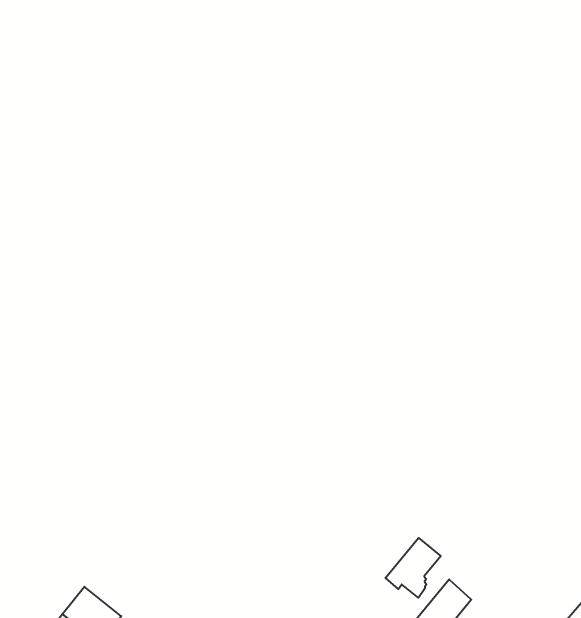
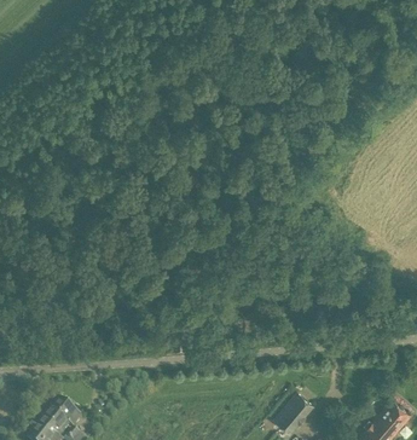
building: [385,538,441,598] -> none

